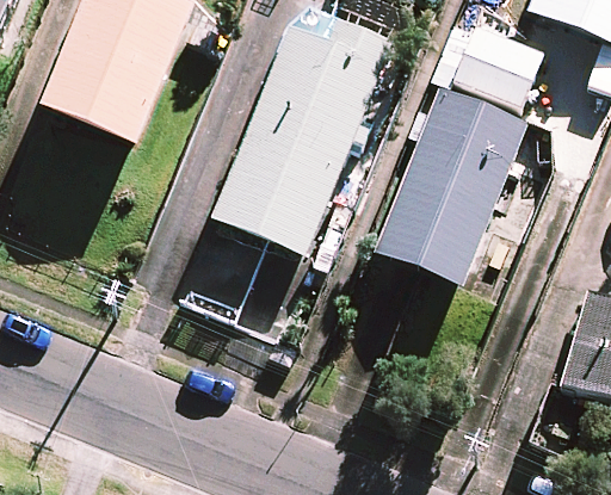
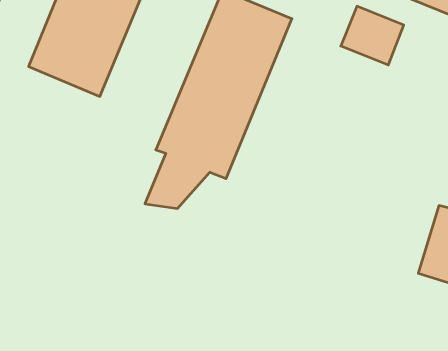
building: [375,89,524,283] -> none

